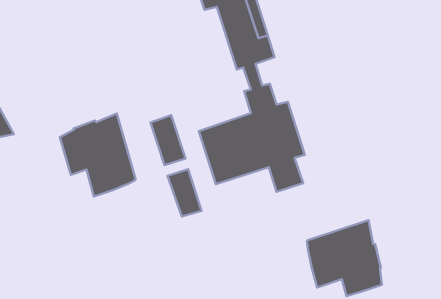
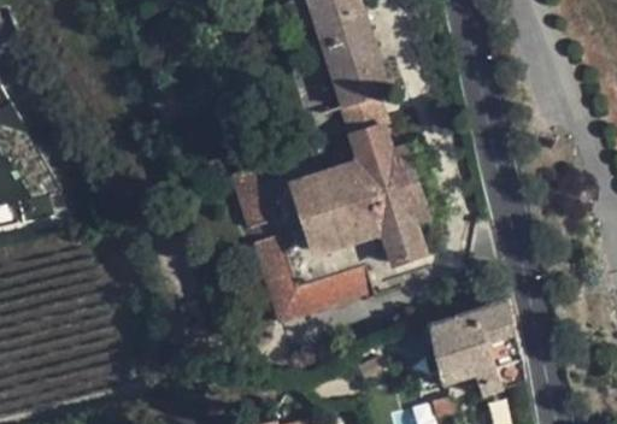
building: [60,113,135,196] -> none
building: none -> [270,264,374,323]

